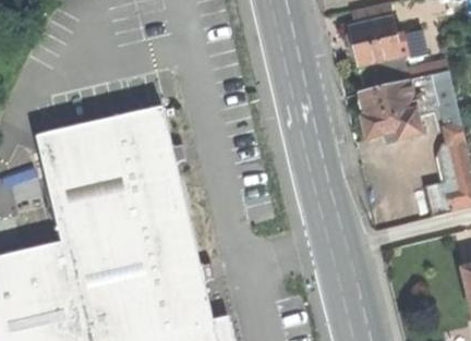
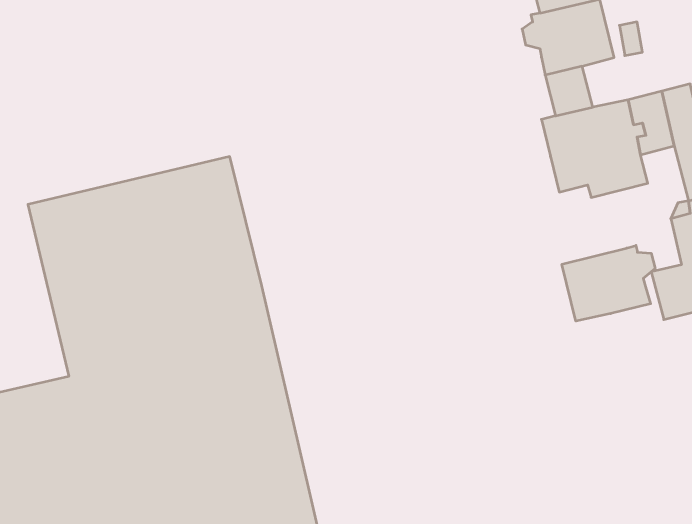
building: none -> [562,245,655,321]

